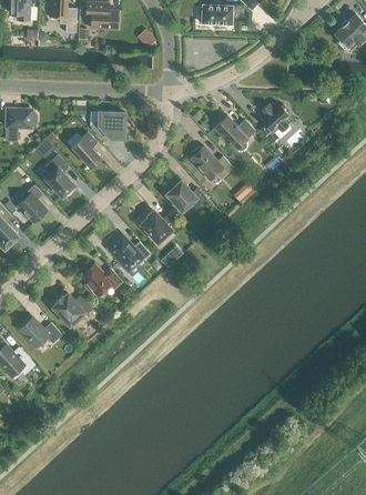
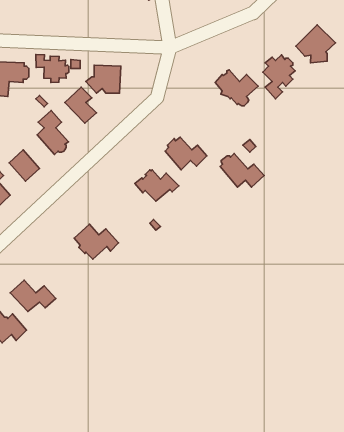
building: none -> [296,25,335,63]
building: none -> [36,54,69,82]
building: [191,145,233,178] -> [220,154,264,187]
building: [108,234,150,269] -> none
building: [53,293,92,324] -> none

